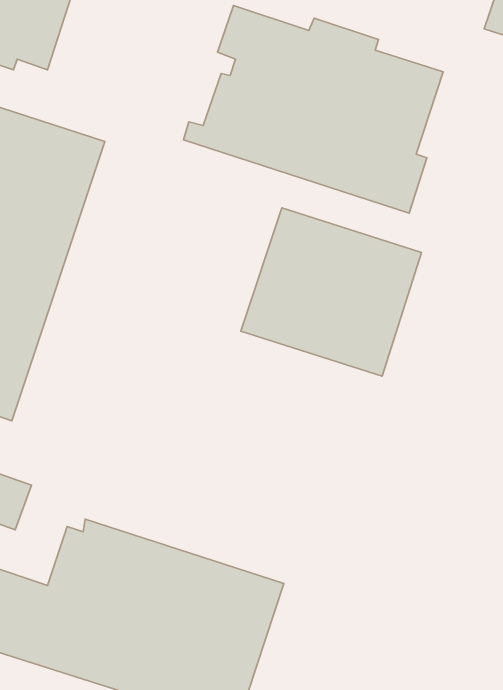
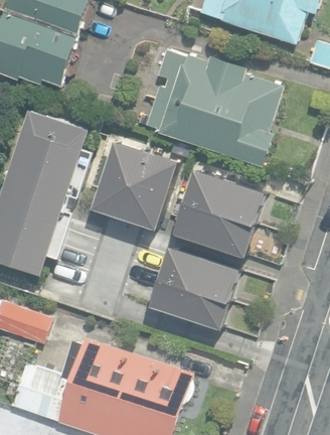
building: none -> [90,134,184,234]
building: none -> [145,232,249,335]

